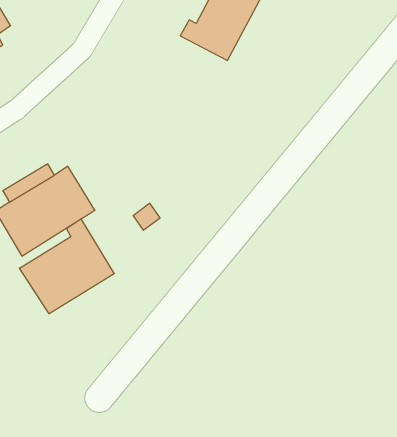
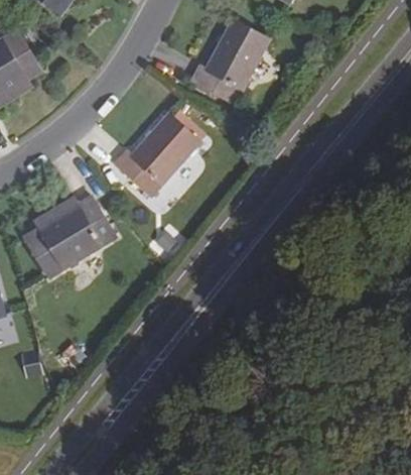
building: none -> [117,115,199,196]
building: [19,219,114,314] -> none

